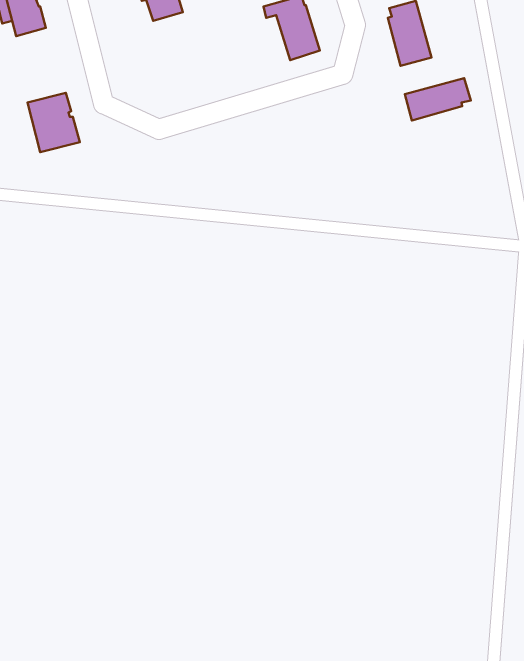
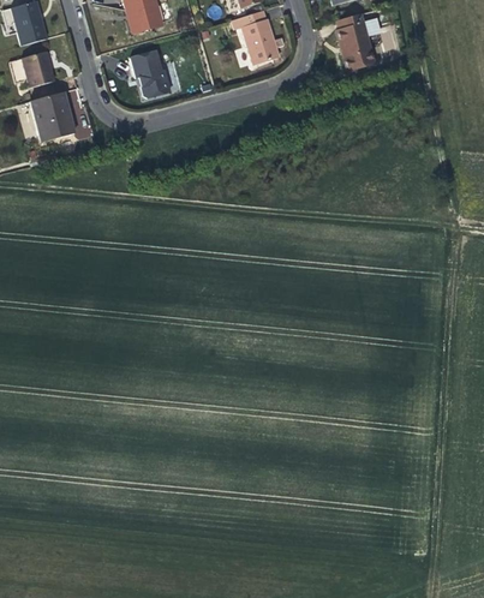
building: none -> [131,49,171,97]
building: none -> [22,52,55,88]
building: [405,78,471,120] -> none

